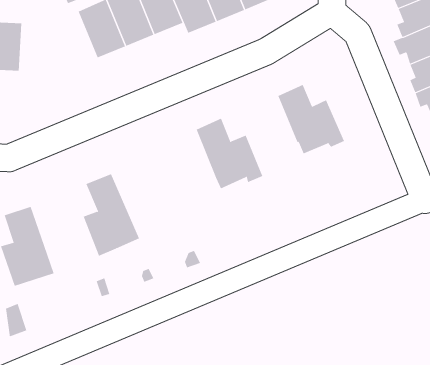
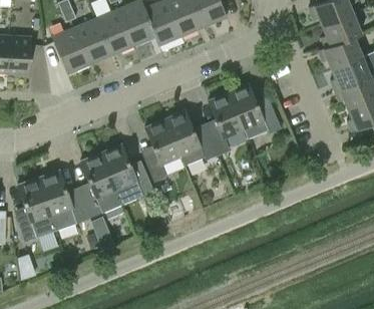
building: none -> [51,28,89,74]
building: none -> [205,93,244,156]
building: none -> [141,119,180,182]
building: none -> [100,144,153,204]
building: none -> [38,171,90,231]

